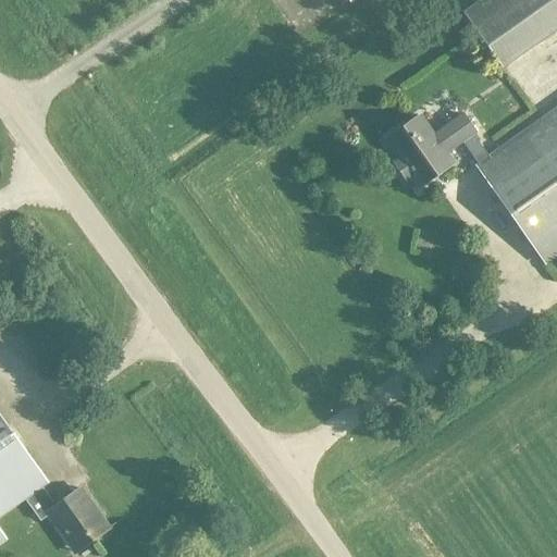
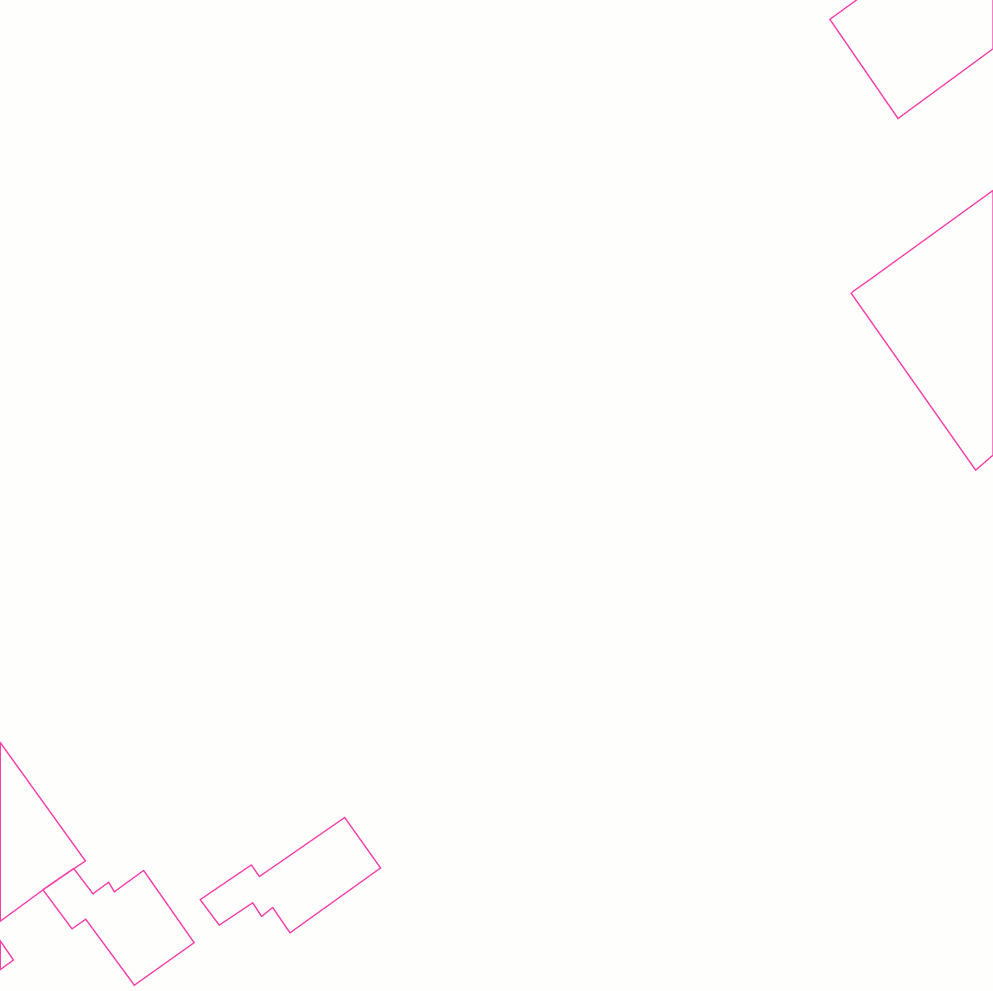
building: [385,113,488,186] -> none
building: none -> [200,817,381,933]

